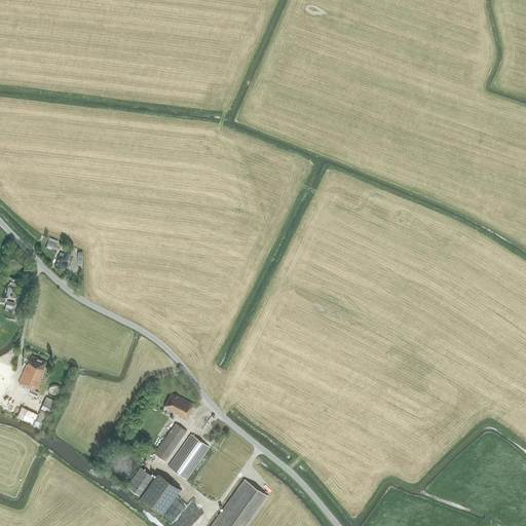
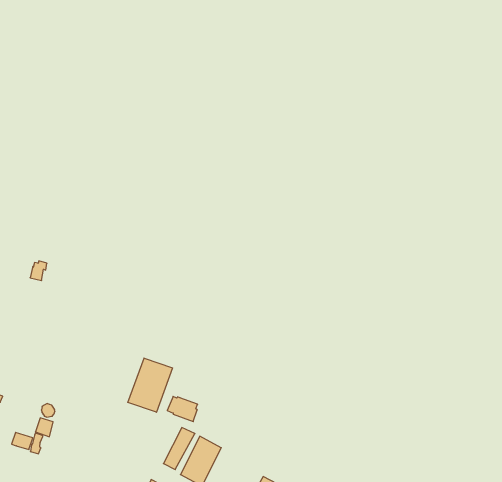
building: none -> [128,358,173,412]
building: [17,356,45,401] -> none

